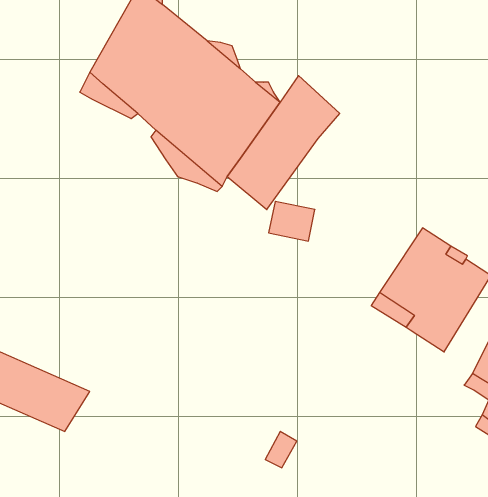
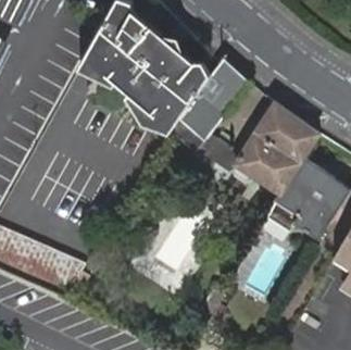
building: none -> [233,102,317,192]

